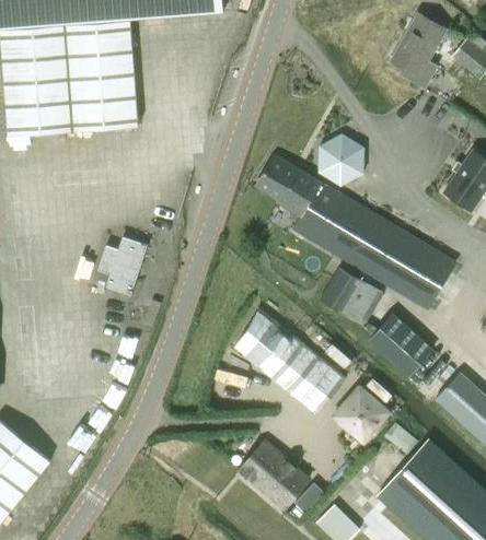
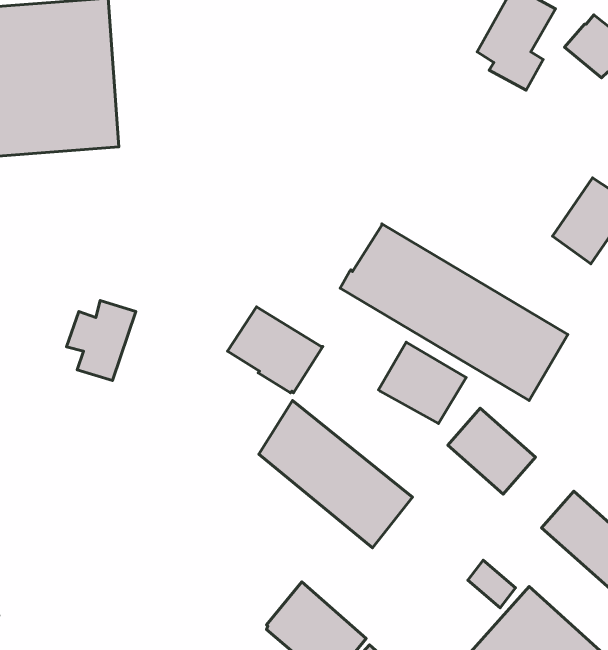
building: [317,134,362,185] -> none
building: [254,155,322,216] -> [227,307,323,393]
building: [332,384,391,444] -> none

